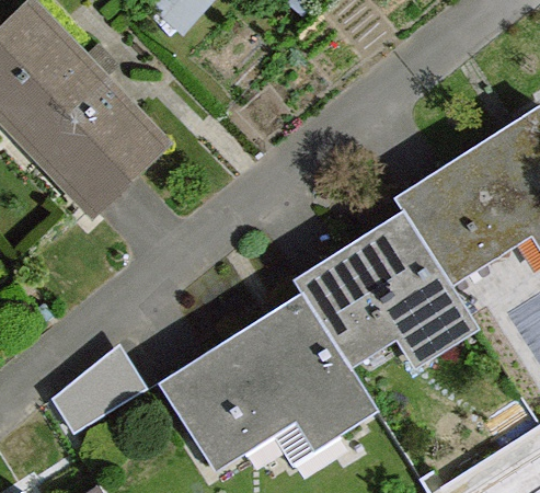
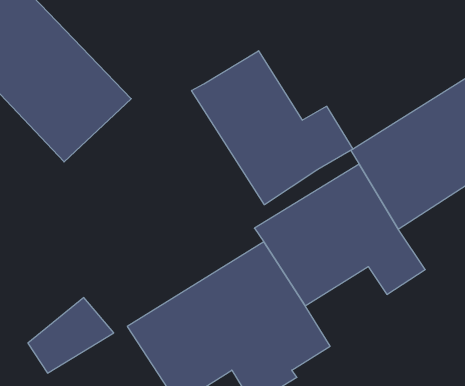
building: none -> [192,51,353,205]

